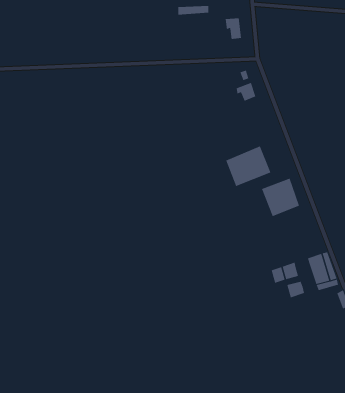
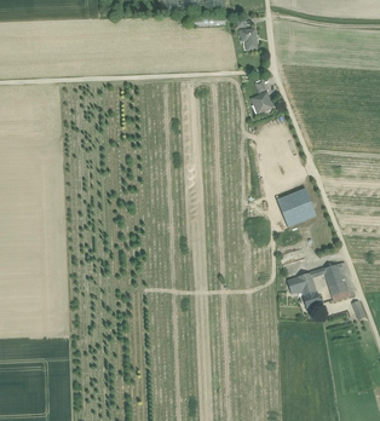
building: [225,146,271,187] -> none

